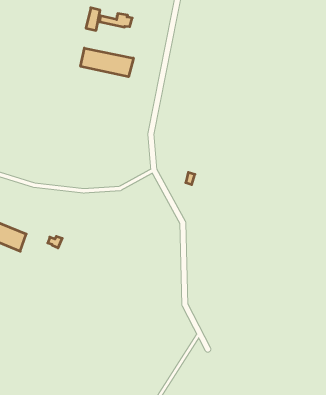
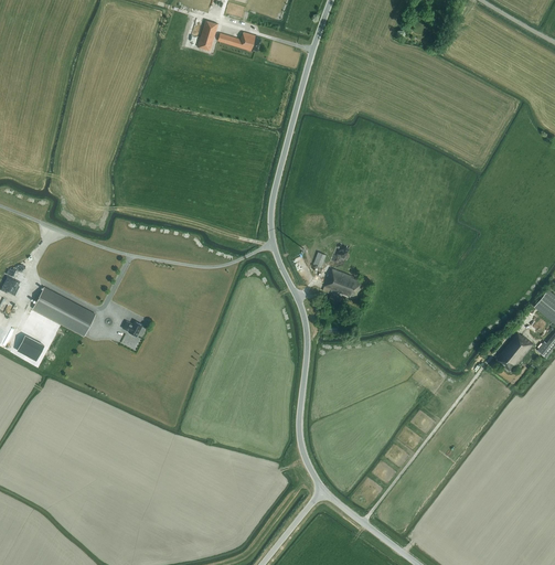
building: [81,48,133,77] -> none
building: none -> [322,268,362,298]

